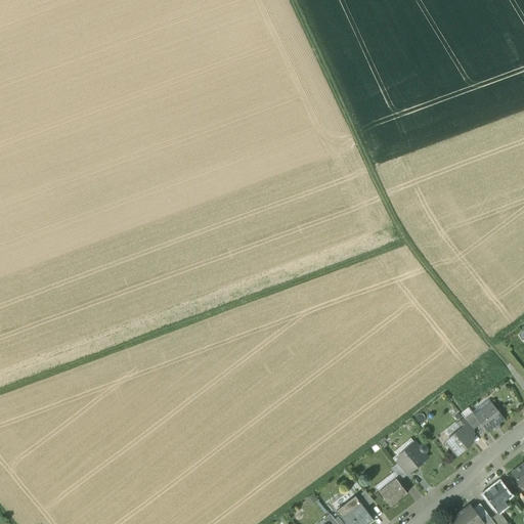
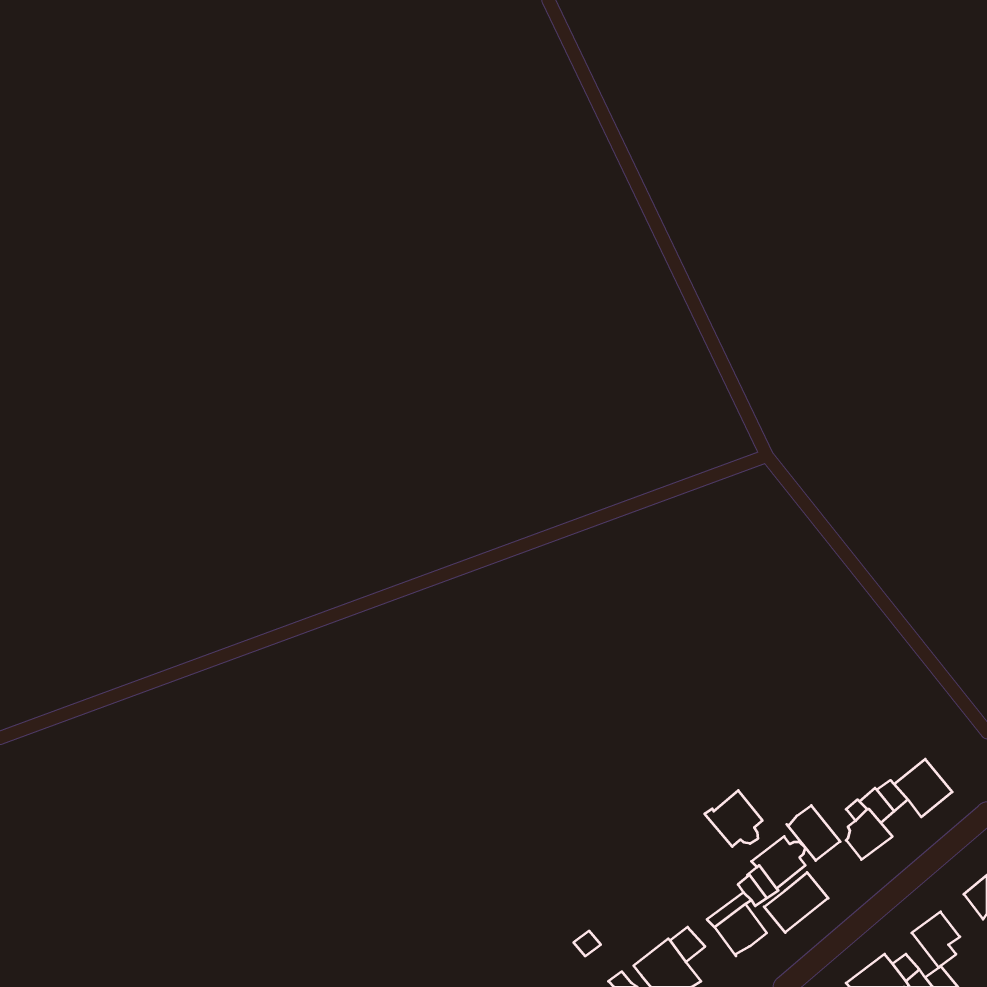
building: none -> [705,790,762,847]
building: none -> [787,805,840,861]
building: none -> [764,872,828,933]

